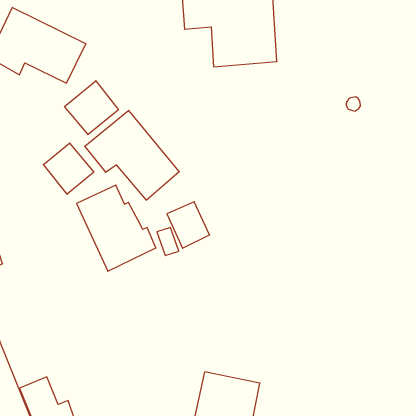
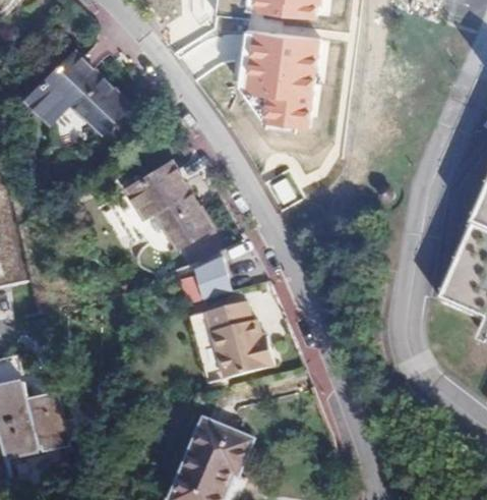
building: [65,81,118,135] -> none
building: [43,143,94,194] -> none
building: [77,185,156,271] -> [203,297,270,377]

